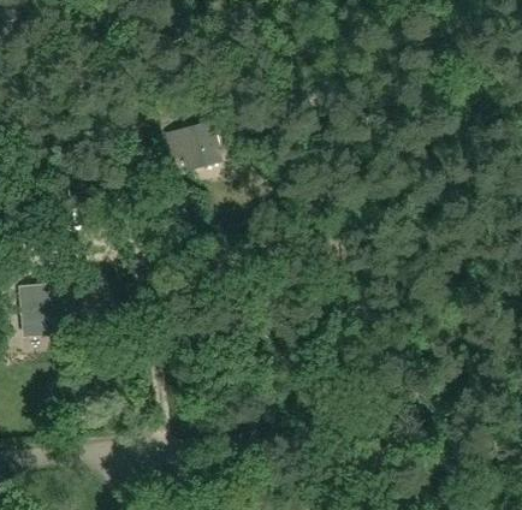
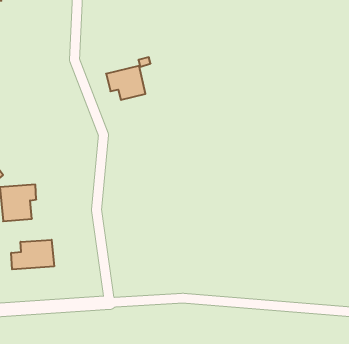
building: none -> [11,240,54,269]

